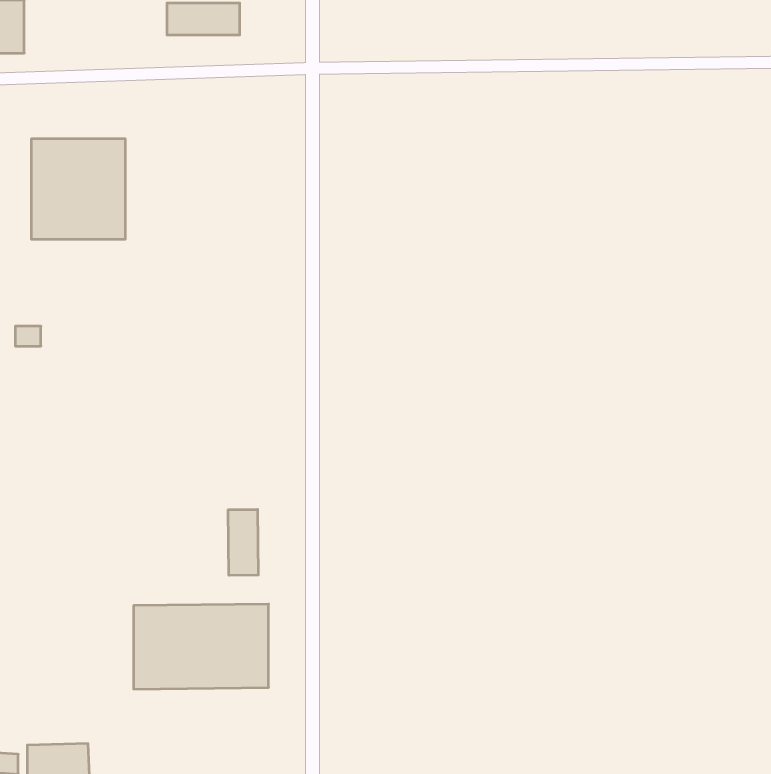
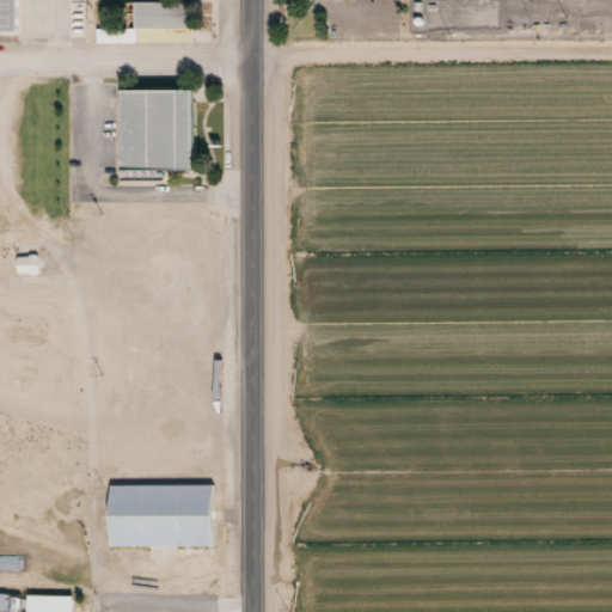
building: [31,139,125,239] -> [118,98,192,177]
building: [228,509,258,575] -> none

